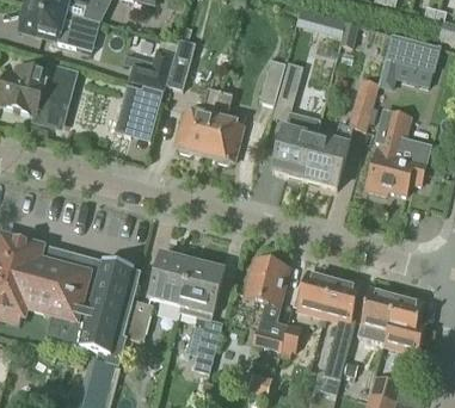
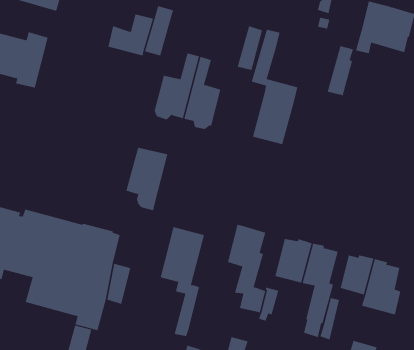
building: [115,85,162,135] -> none
building: [368,107,431,193] -> none
building: [306,123,352,187] -> none
building: [152,254,195,319] -> [126,147,168,211]

